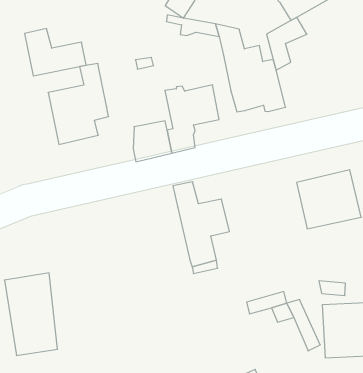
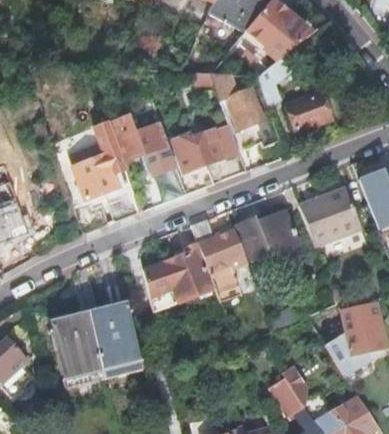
building: [25,29,86,76] -> [109,115,168,159]
building: none -> [287,90,329,129]
building: none -> [237,209,302,269]
building: none -> [145,241,215,309]
building: none -> [91,304,147,382]

